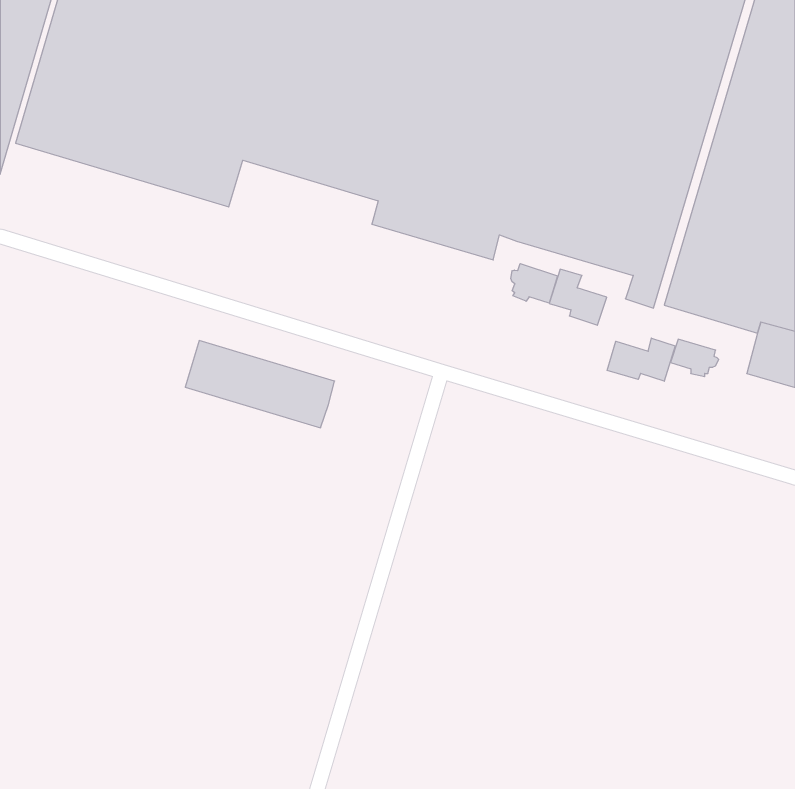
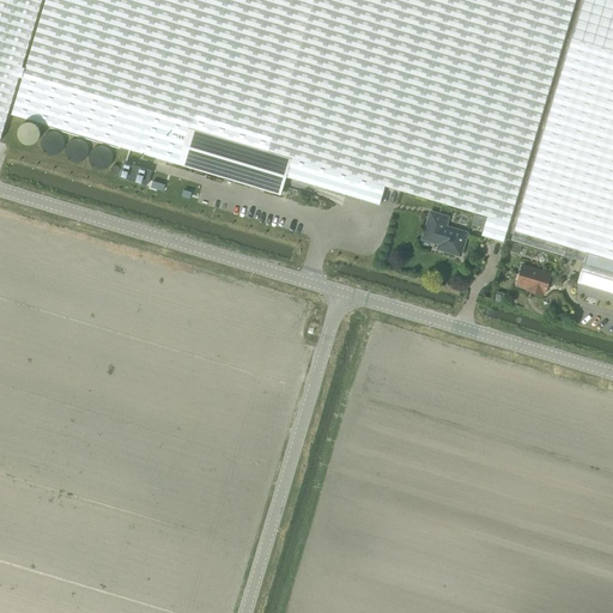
building: [511,264,557,303] -> none
building: [607,338,675,381] -> none
building: [185,341,335,428] -> [176,123,291,190]

